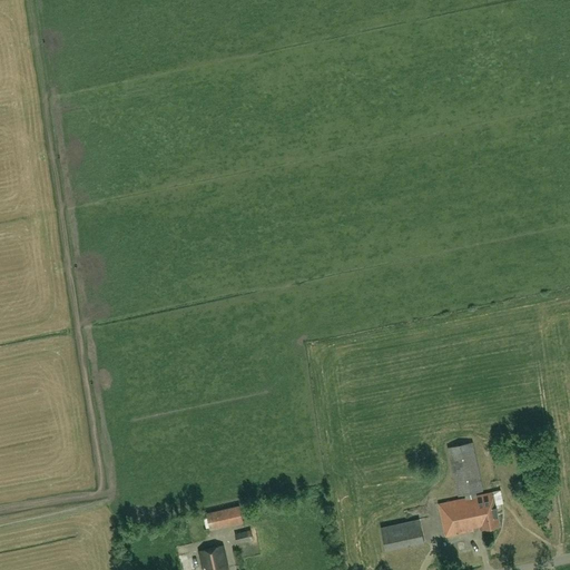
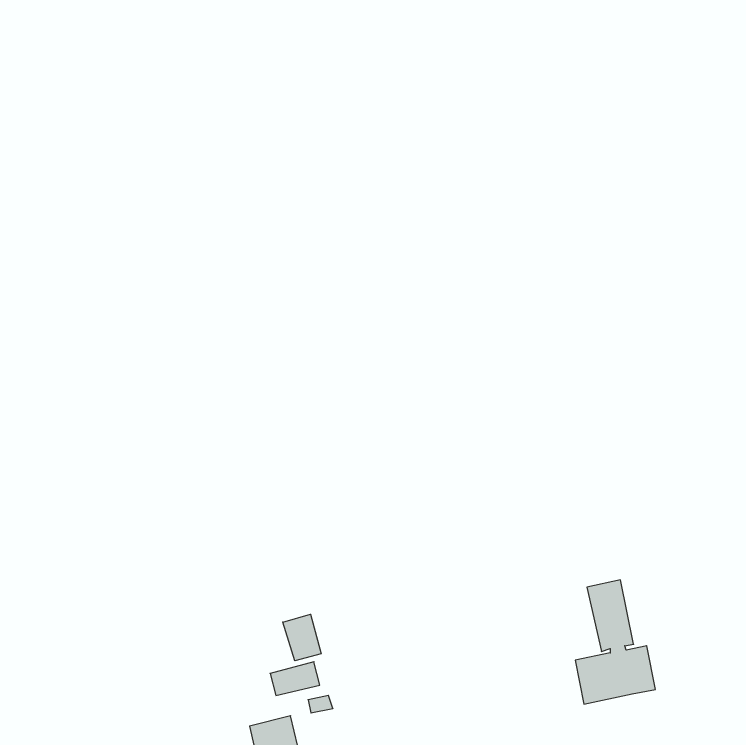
building: none -> [283,614,321,661]
building: [381,521,424,551] -> none

